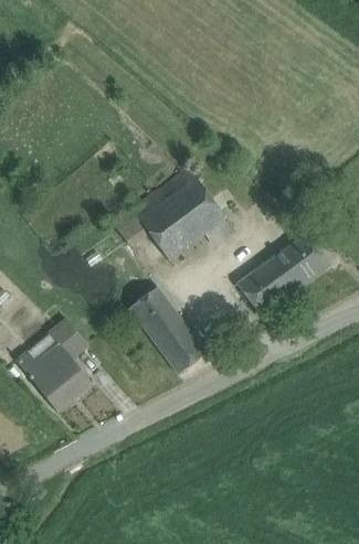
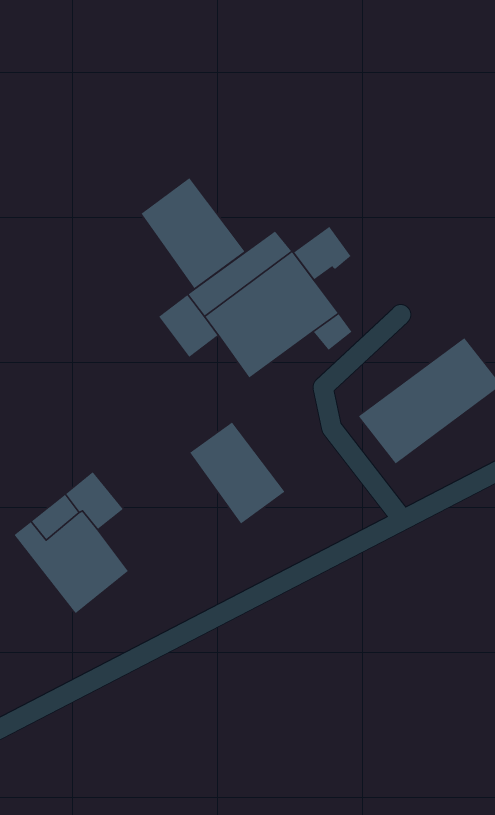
building: none -> [141,177,246,289]
building: none -> [293,226,352,280]
building: [162,333,207,374] -> none

